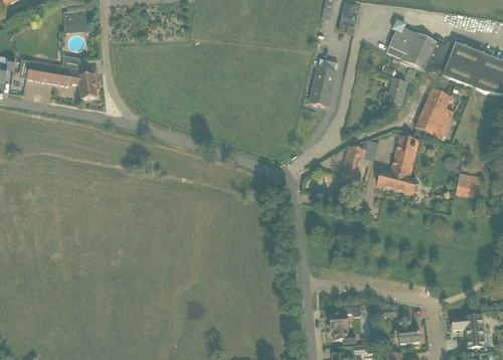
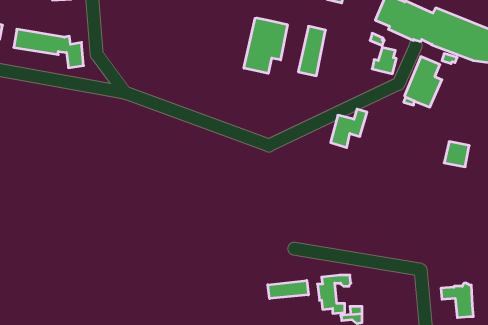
building: none -> [244,18,287,73]
building: [377,135,418,193] -> none
building: none -> [268,280,308,299]
building: [393,318,420,343] -> none

